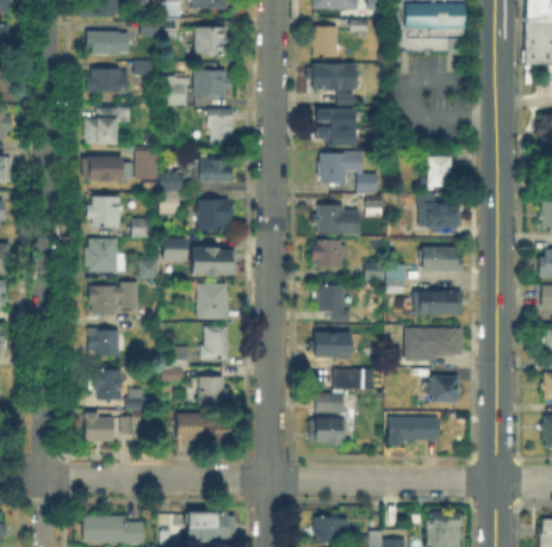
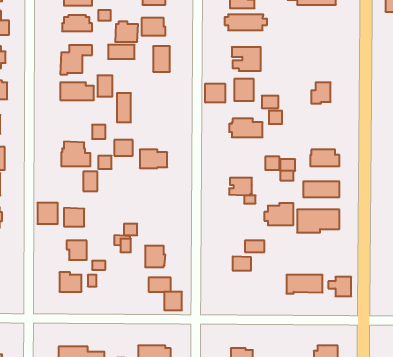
building: none -> [205,84,225,103]
building: [192,161,228,180] -> [108,45,135,59]
building: [87,197,118,228] -> none
building: [199,198,231,230] -> none
building: [420,204,458,231] -> none
building: [311,243,346,266] -> none
building: [85,284,112,312] -> [37,203,58,224]
building: [196,284,228,318] -> none
building: [203,328,228,359] -> none
building: [310,329,349,359] -> [264,203,293,225]
building: [423,377,454,403] -> [328,277,351,296]
building: [178,416,201,441] -> [164,292,182,310]
building: [310,419,347,442] -> none

